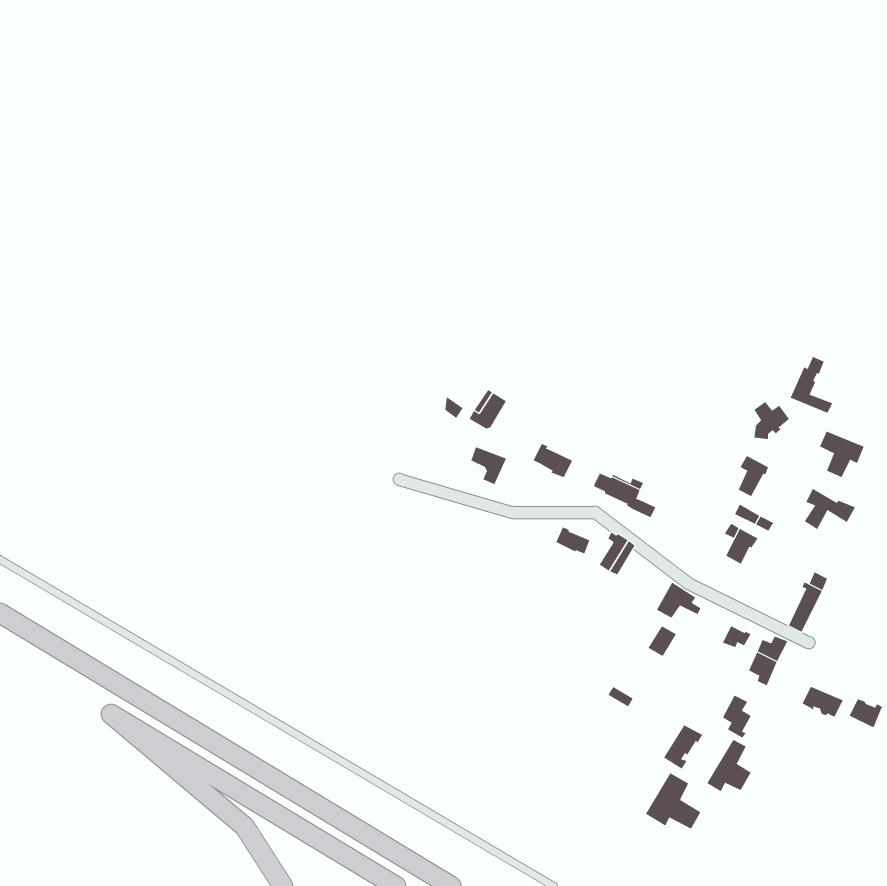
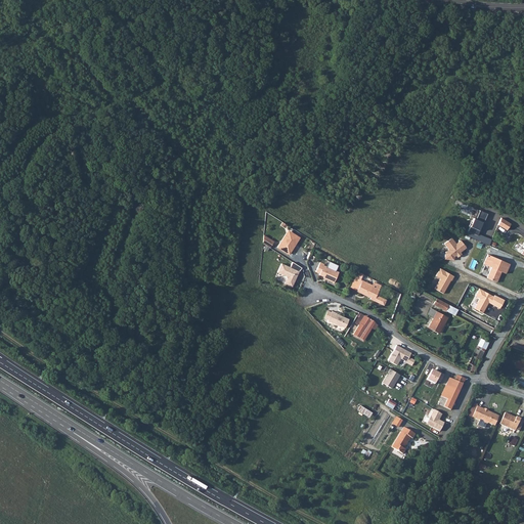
building: [707,739,752,792] -> none
building: [645,772,701,829] -> none

